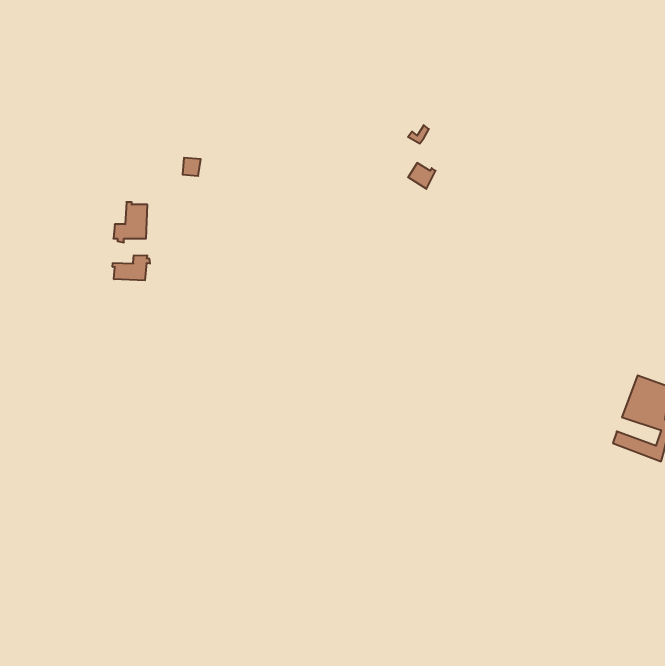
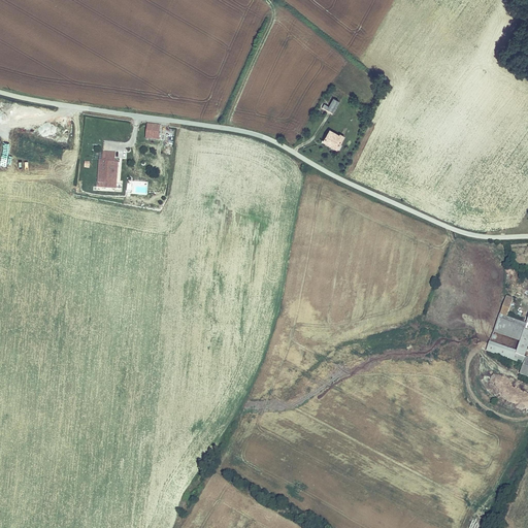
building: [113,255,150,280] -> none

